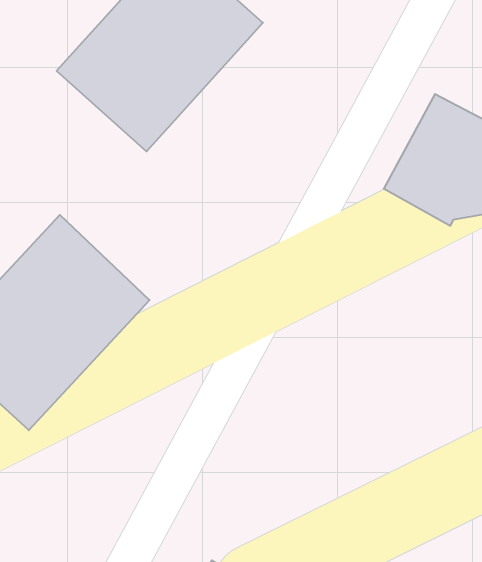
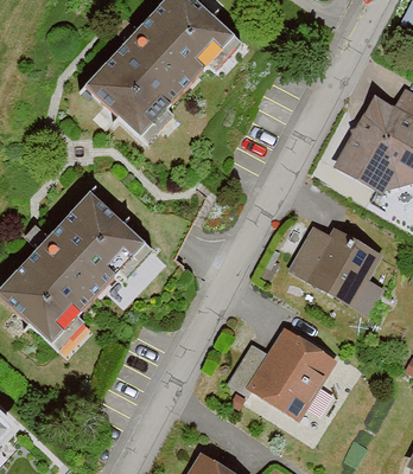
building: none -> [285,222,390,324]
building: none -> [253,332,345,424]

